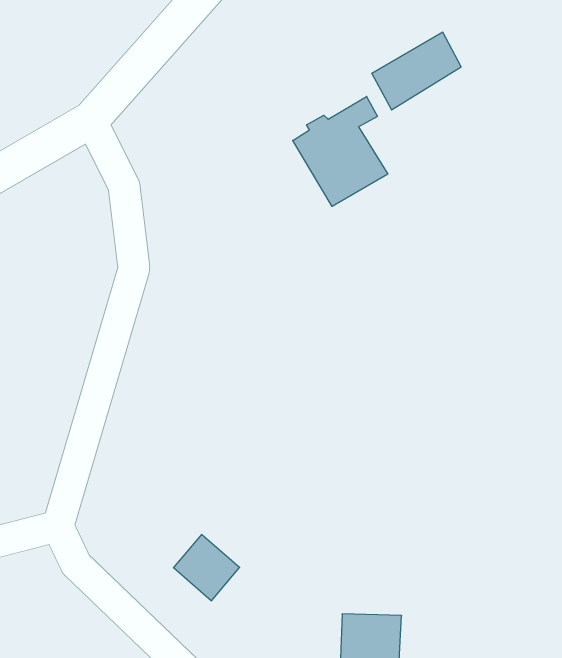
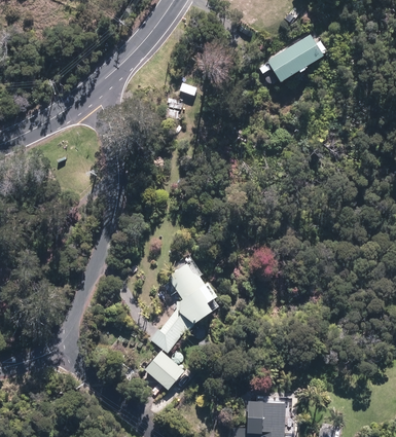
building: [293,96,388,206] -> none
building: none -> [150,260,211,351]

